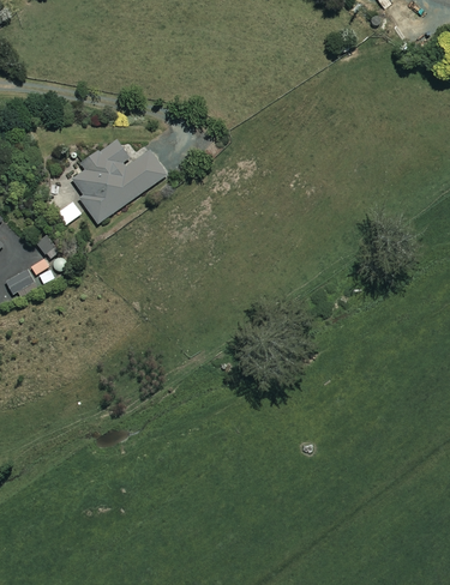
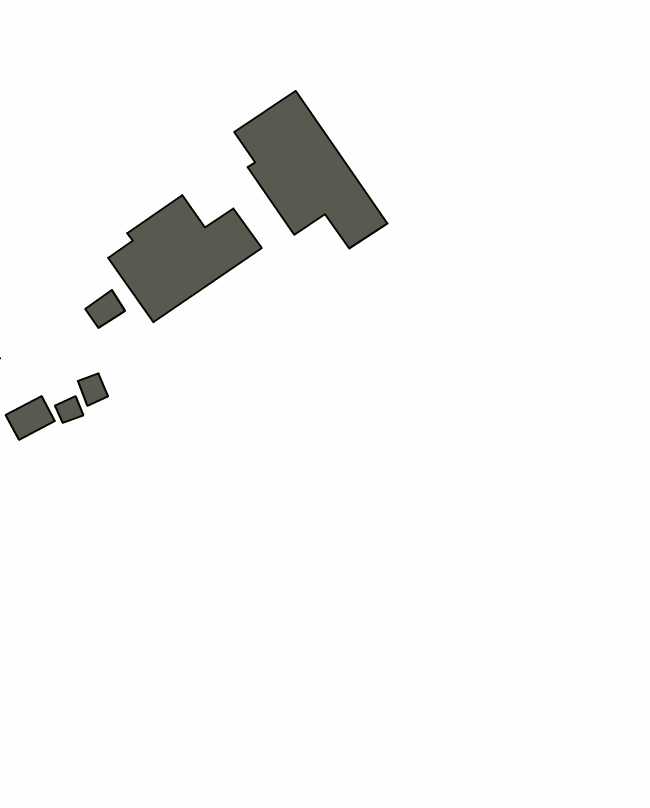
building: none -> [234,91,388,249]

